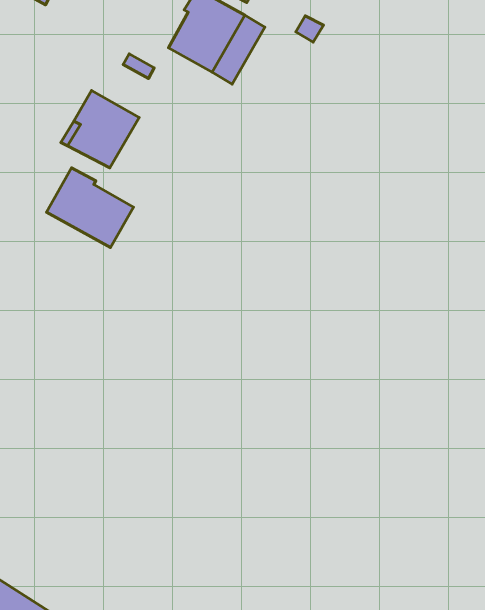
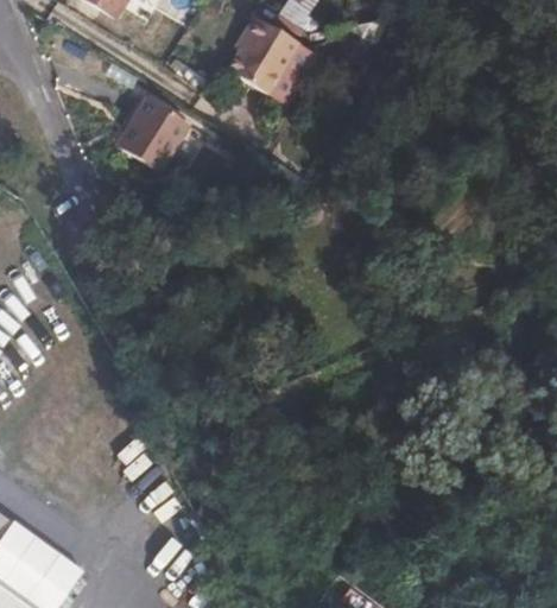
building: [46,168,134,248] -> none

